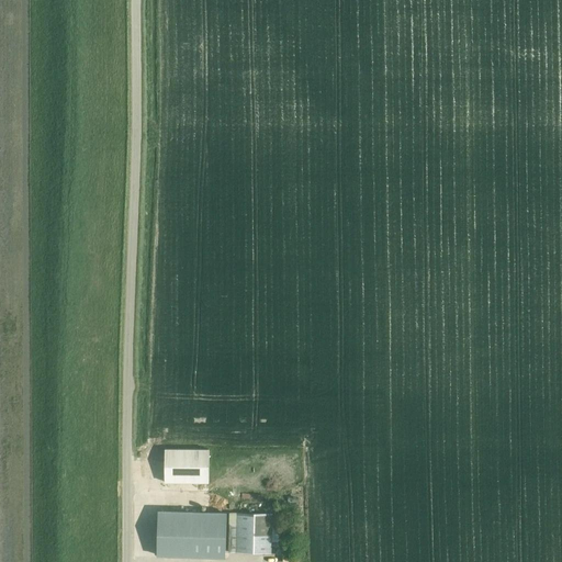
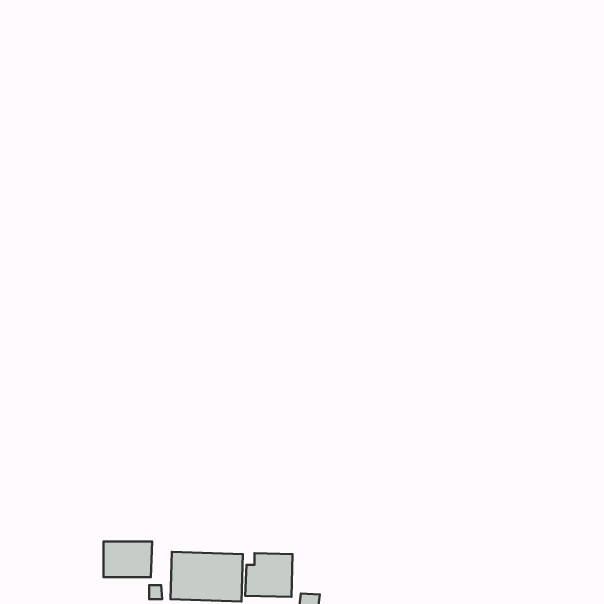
building: [164,450,209,483] -> [103,542,152,577]

